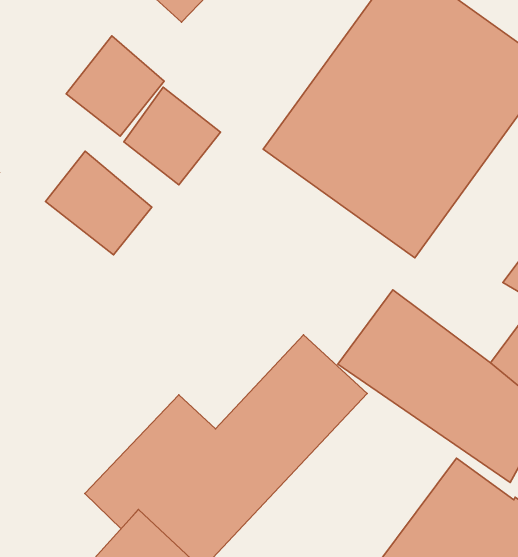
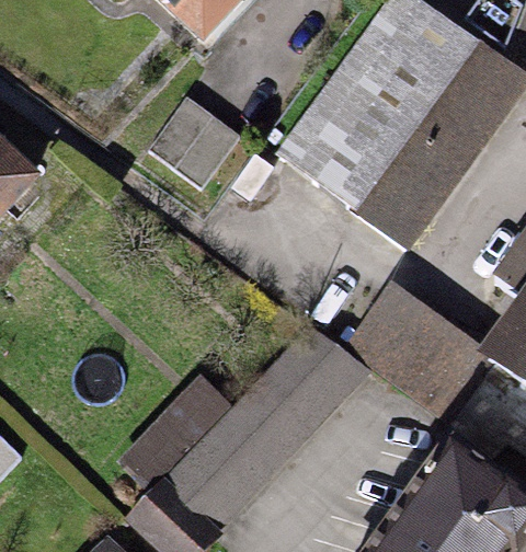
building: [66,36,164,136] -> none
building: [45,151,152,255] -> none

